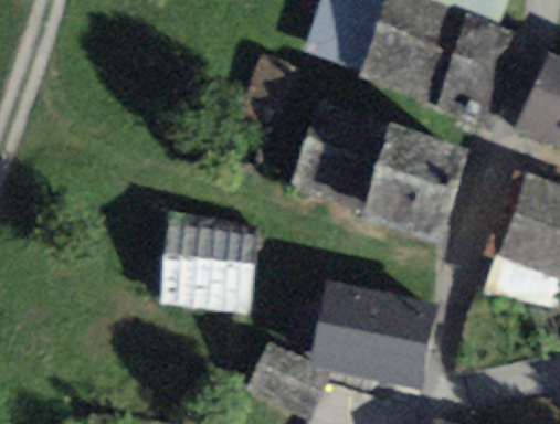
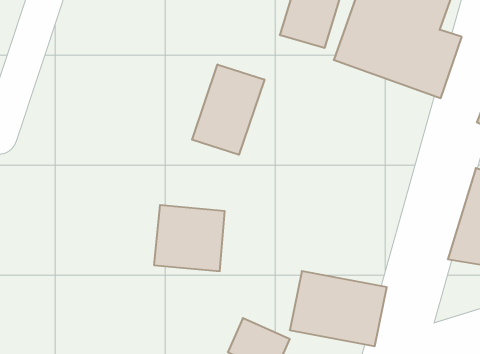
building: none -> [192,64,264,155]
building: [297,115,461,240] -> none

